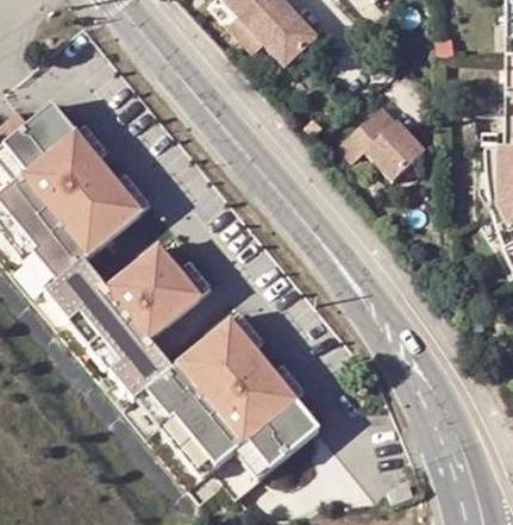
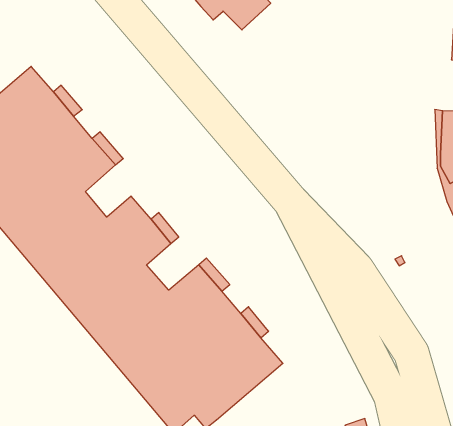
building: [351,95,437,180] -> none

